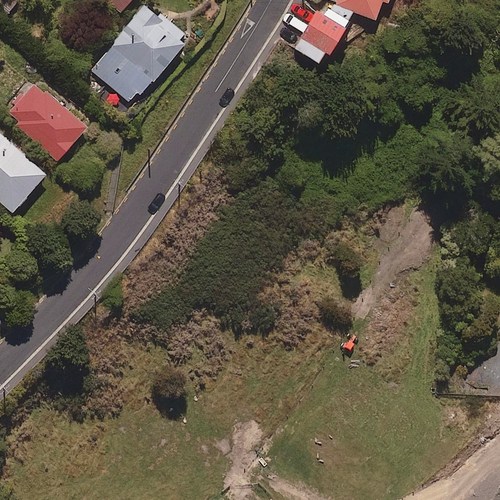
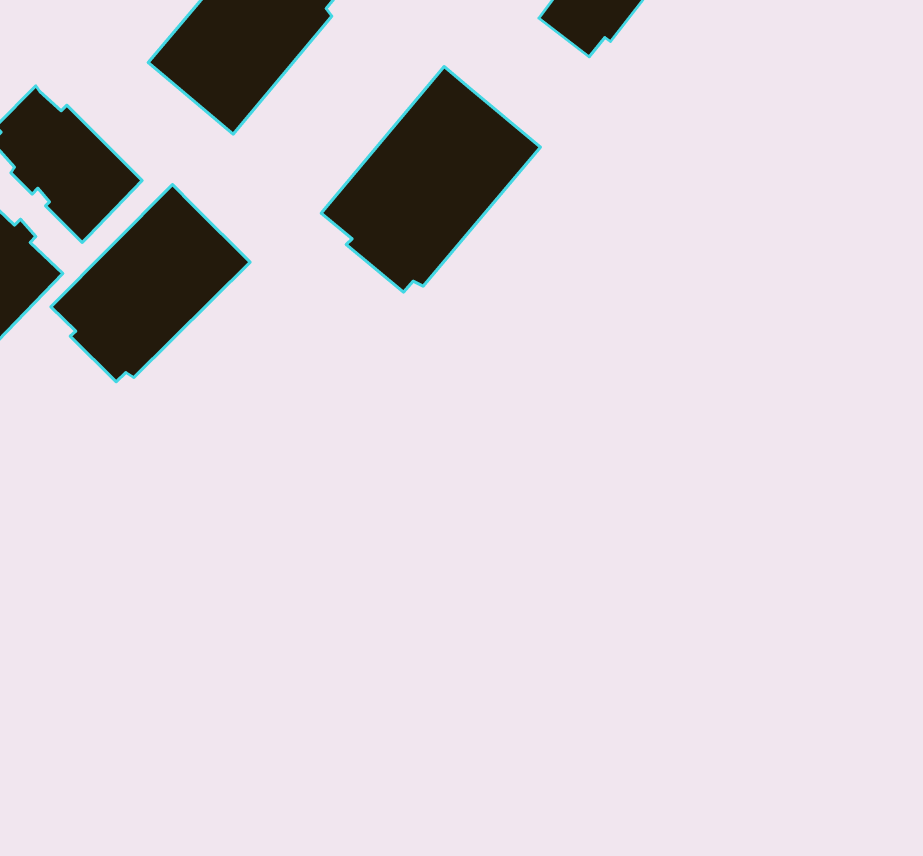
building: none -> [321,66,540,292]
building: none -> [51,185,250,382]

